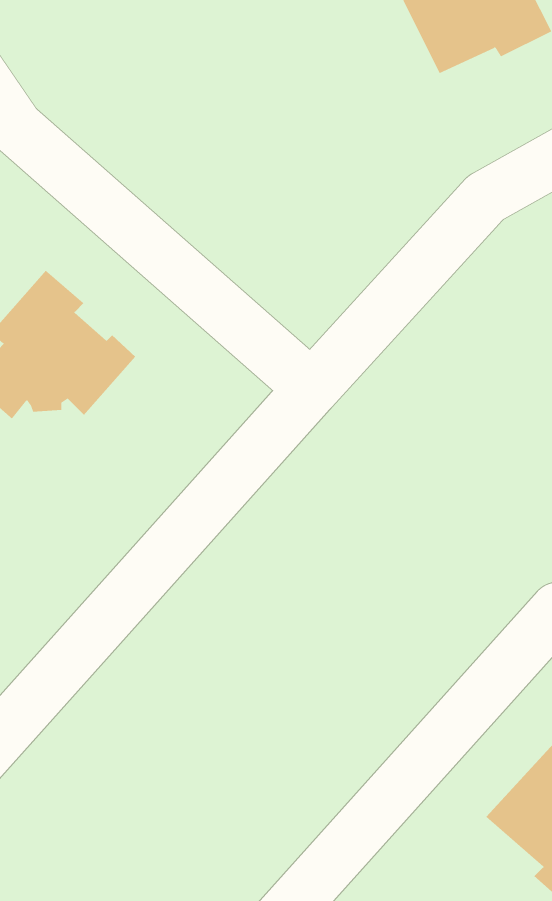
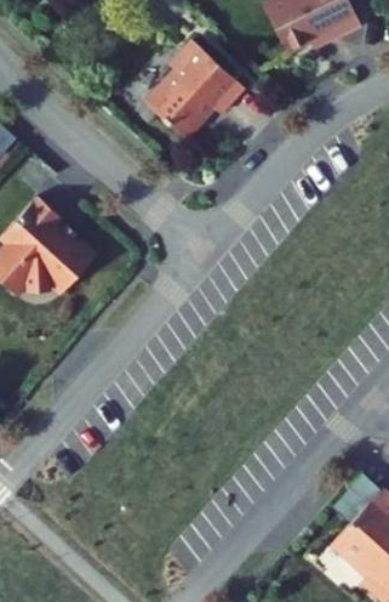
building: none -> [149,40,242,140]

